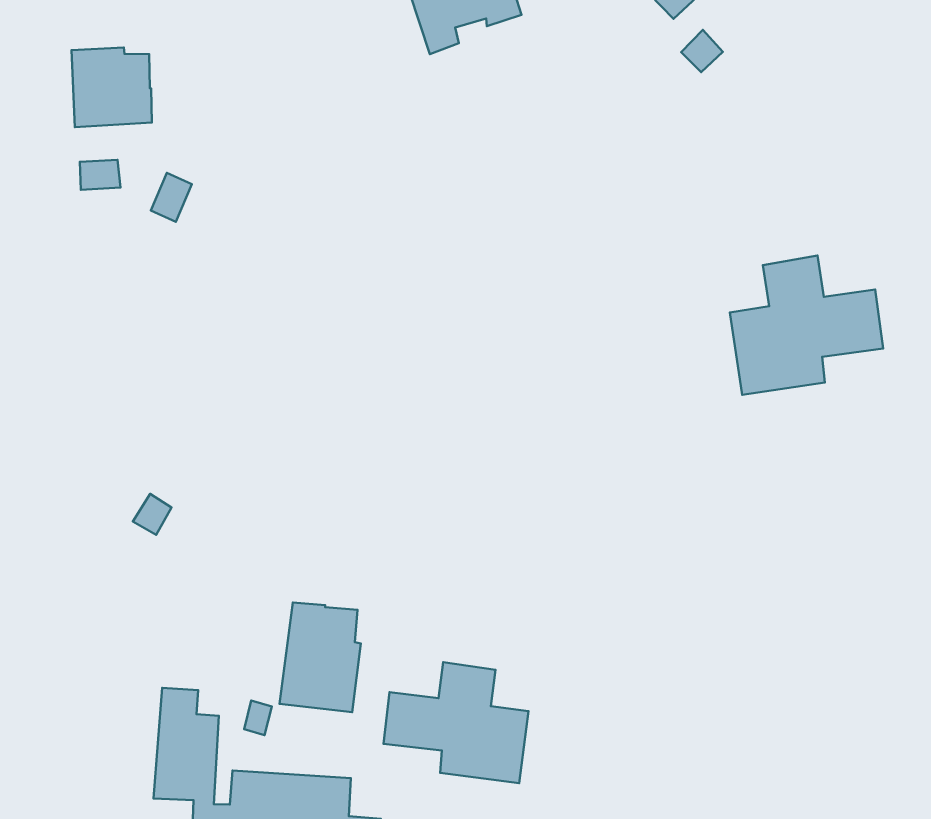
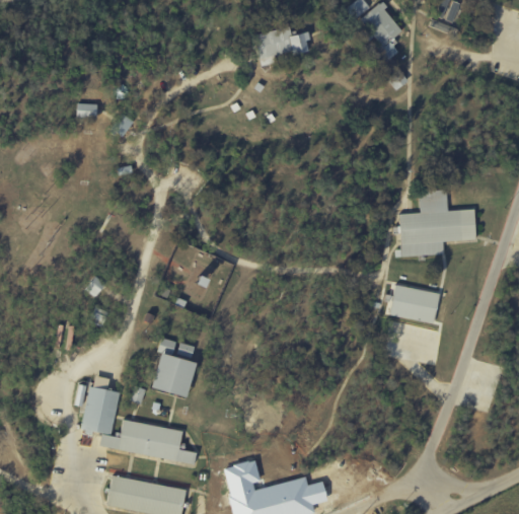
building: [71,47,152,127] -> none
building: none -> [388,283,440,323]
building: [384,662,528,783] -> none

